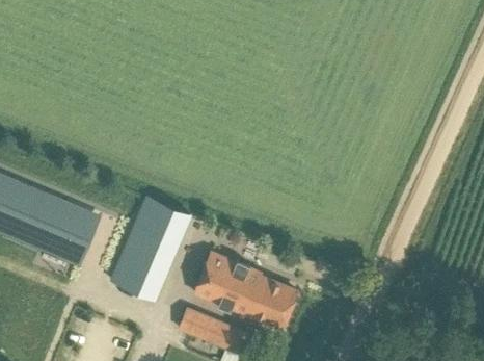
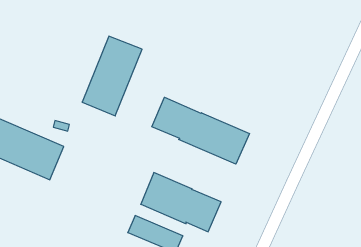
building: none -> [152,97,250,164]
building: [112,197,189,299] -> [82,36,142,116]

